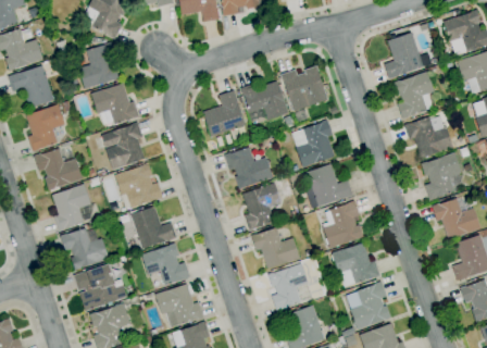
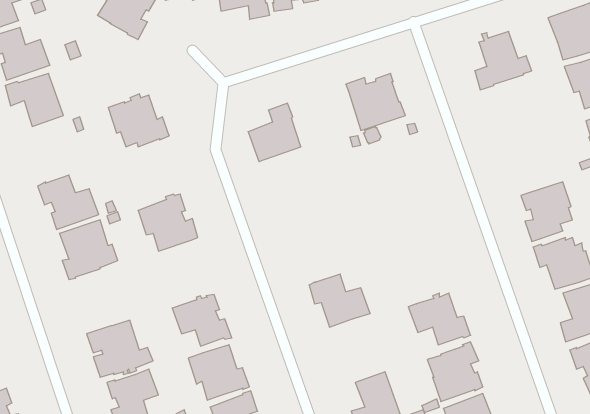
building: [78,42,118,89] -> none
building: [391,72,434,120] -> none
building: [240,82,287,123] -> none
building: [25,104,64,152] -> none
building: [403,116,452,159] -> none
building: [291,120,335,167] -> none
building: [101,122,145,171] -> none
building: [224,148,273,190] -> none
building: [305,164,352,209] -> none
building: [242,183,280,231] -> none
building: [322,201,363,248] -> none
building: [130,207,176,249] -> none
building: [60,225,109,271] -> none
building: [267,263,313,311] -> none

